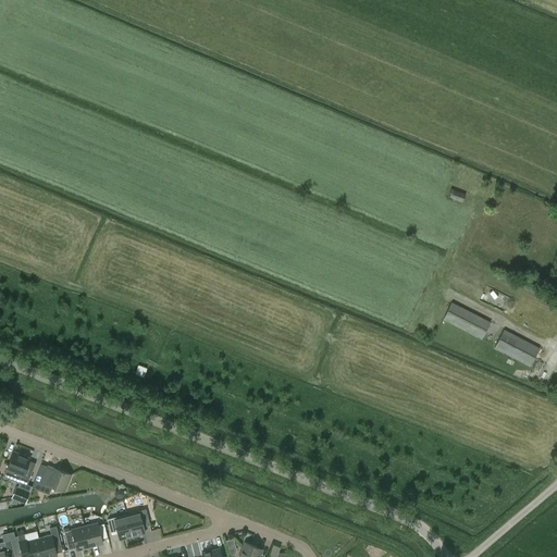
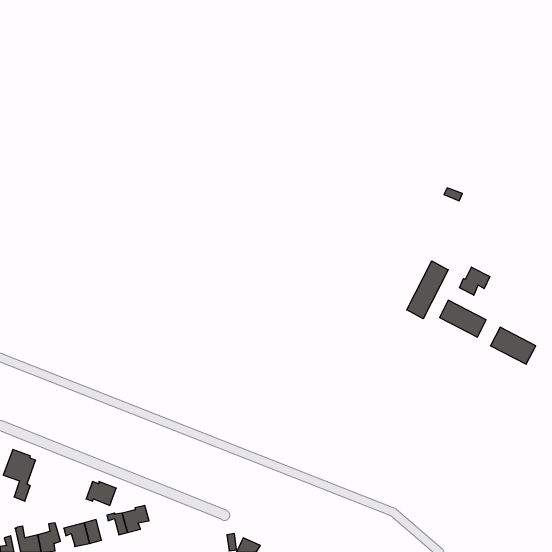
building: none -> [407,261,448,319]
building: none -> [459,267,490,295]
building: [40,468,71,492] -> [86,482,116,505]

